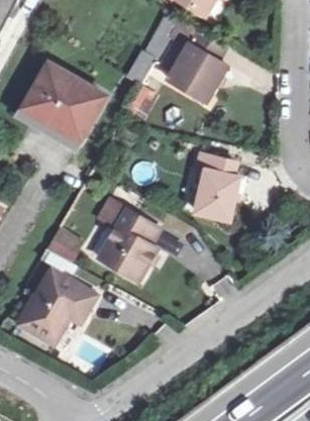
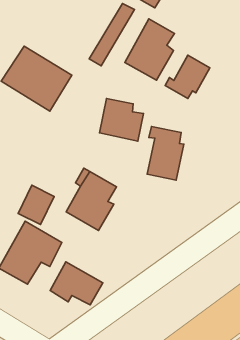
building: none -> [165,55,210,98]
building: none -> [100,98,144,141]
building: none -> [50,262,103,305]

